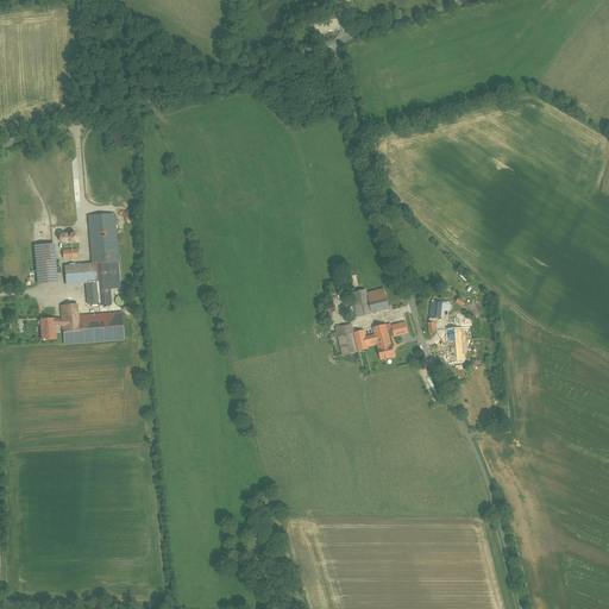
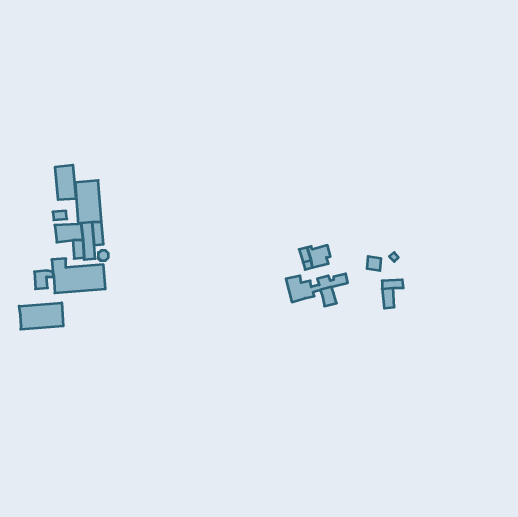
building: [33,243,58,283] -> [55,165,76,200]
building: none -> [19,303,63,329]

